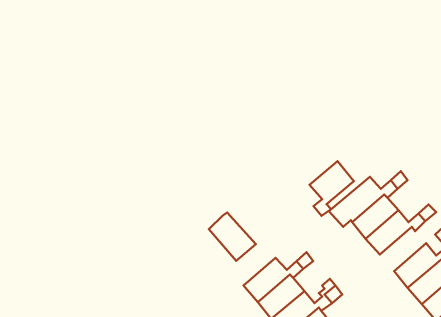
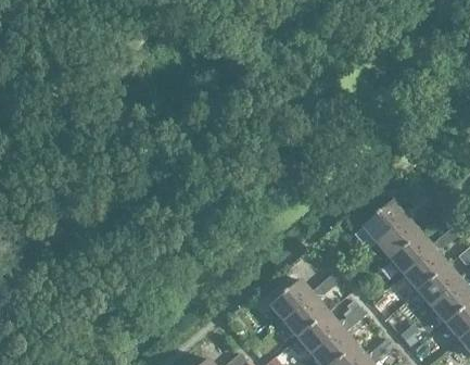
building: [309,161,354,216] -> none
building: [209,212,256,261] -> none
building: none -> [403,250,448,293]

